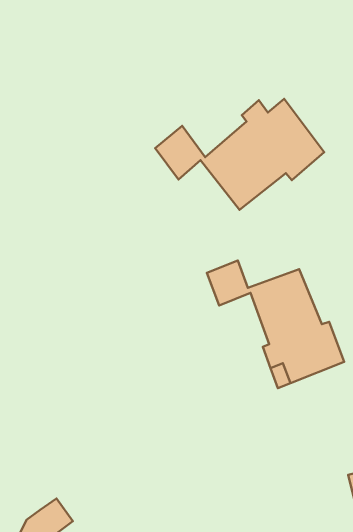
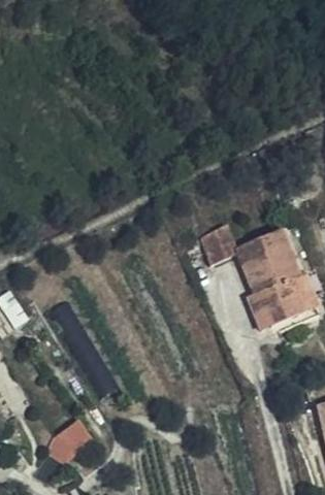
building: [155,99,324,210] -> none

